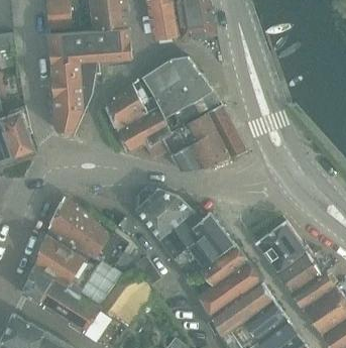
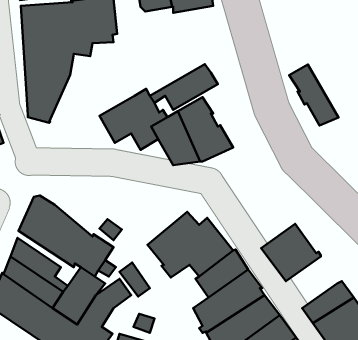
building: [141,56,207,112] -> none
building: [105,84,146,129] -> none
building: [205,104,247,156] -> [289,65,338,126]
building: [134,187,192,240] -> none
building: [274,250,321,296] -> none

